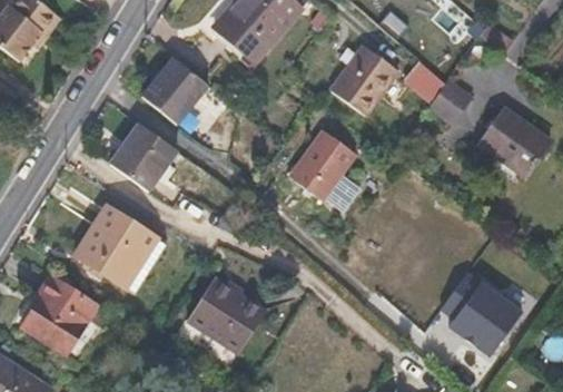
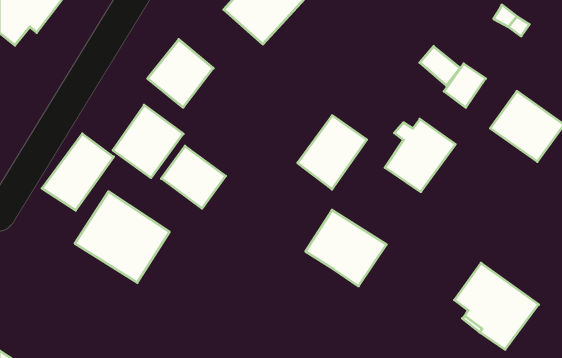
building: [333,48,401,118] -> [385,119,455,192]
building: none -> [42,134,114,210]
building: none -> [161,146,226,208]
building: [23,275,96,352] -> none
building: [188,276,266,350] -> [306,210,386,286]

